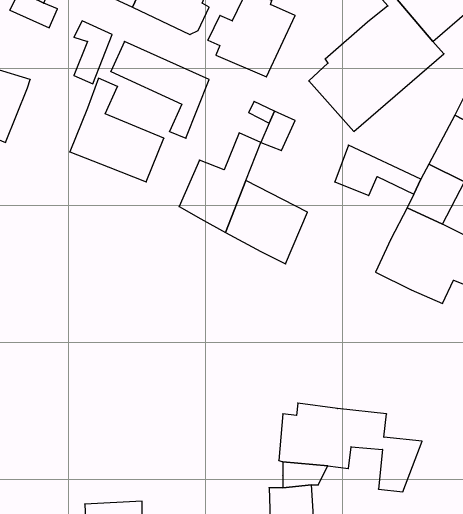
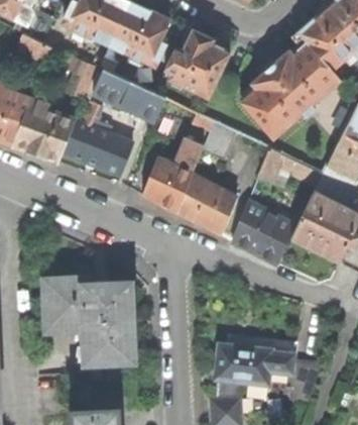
building: none -> [15,101,76,160]
building: none -> [232,201,300,261]
building: none -> [45,279,130,359]

